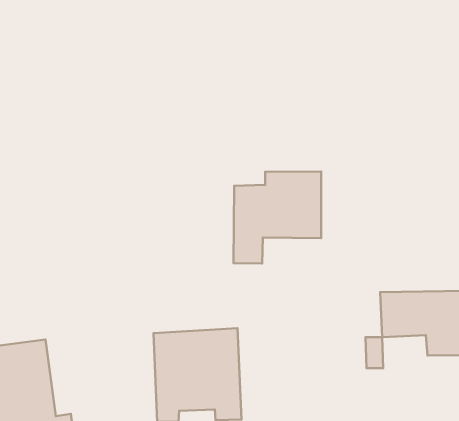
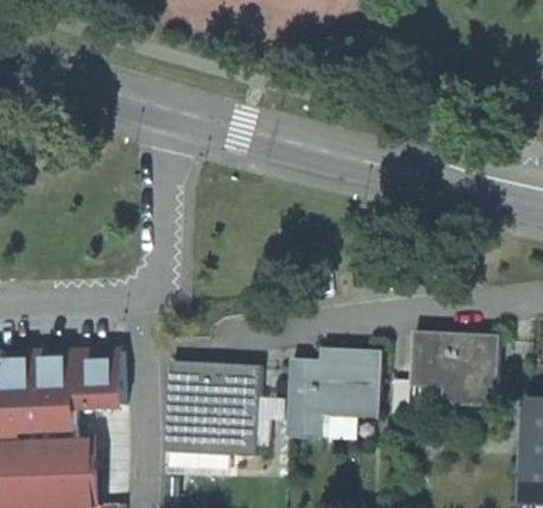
building: [234,171,321,264] -> [283,346,378,439]
building: none -> [72,346,126,406]

